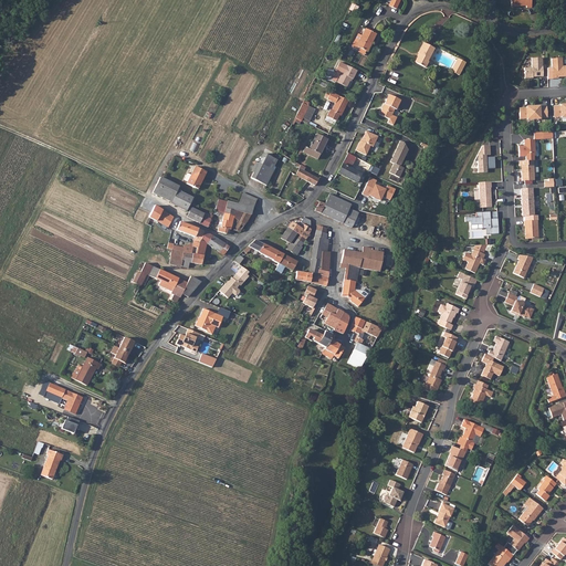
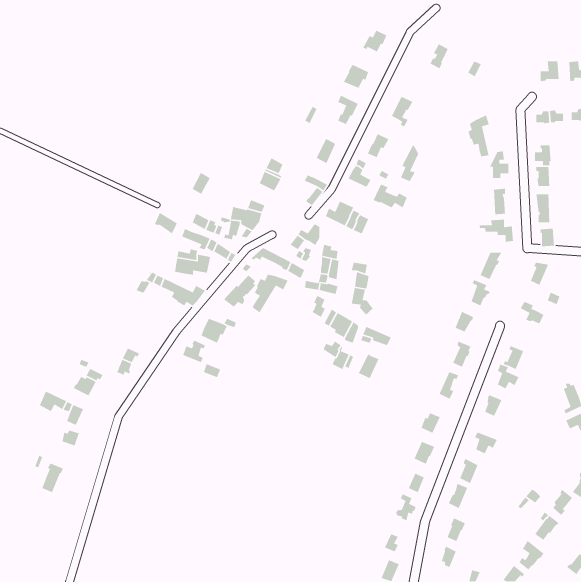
building: none -> [467,114,490,157]
building: [153,177,192,210] -> none
building: [359,248,384,274] -> none
building: none -> [251,274,289,314]

